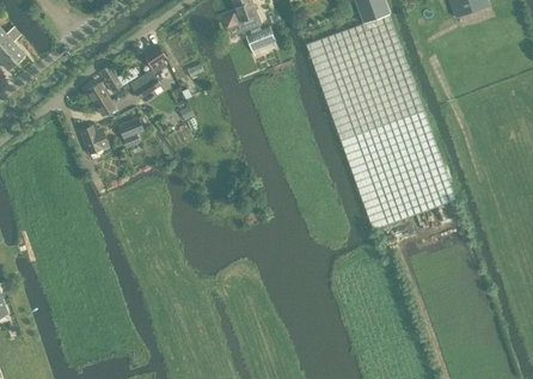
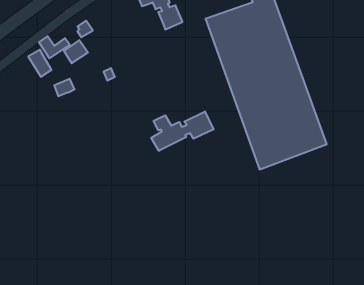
building: [79,123,108,153] -> none
building: none -> [151,111,213,151]

